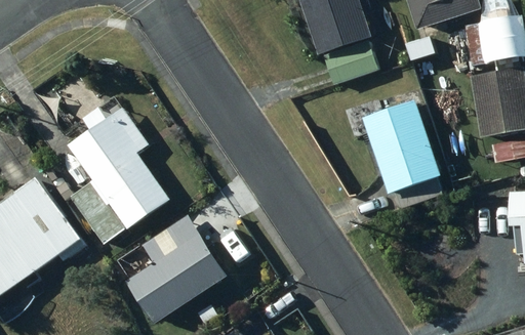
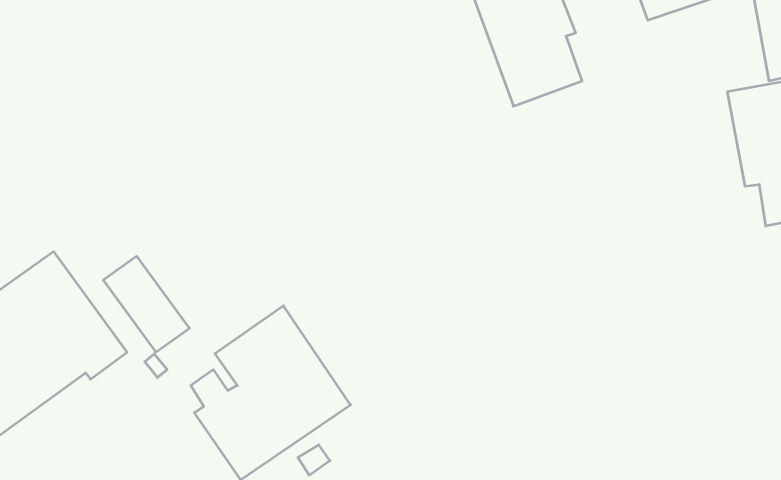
building: [362,98,442,210] -> none
building: [67,112,169,228] -> none

